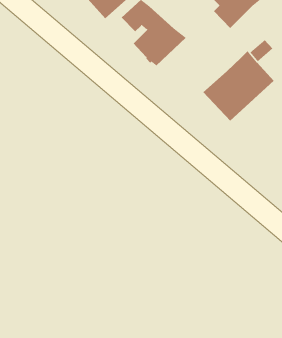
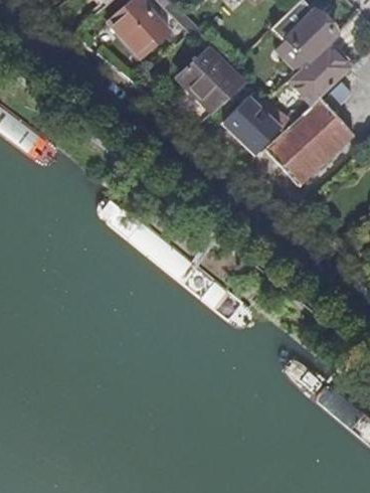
building: none -> [289,42,352,106]
building: none -> [227,91,293,152]

